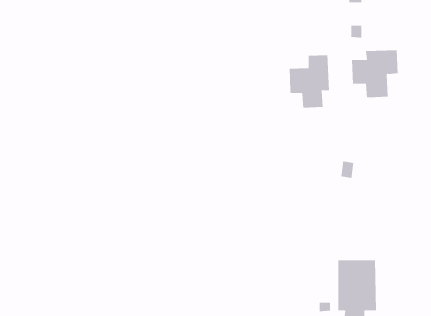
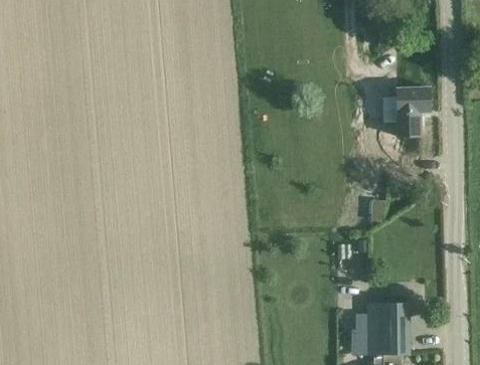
building: [289,55,330,108] -> none

